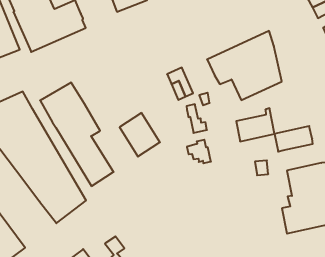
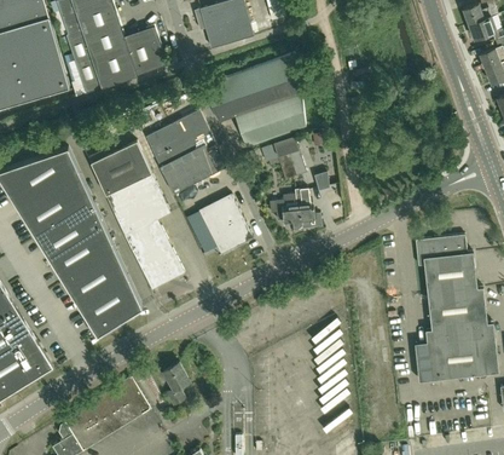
building: [207,31,282,100] -> [204,54,306,148]
building: none -> [146,110,222,194]
building: [236,108,275,141] -> [424,252,476,294]
building: [187,140,211,163] -> [270,195,301,227]

